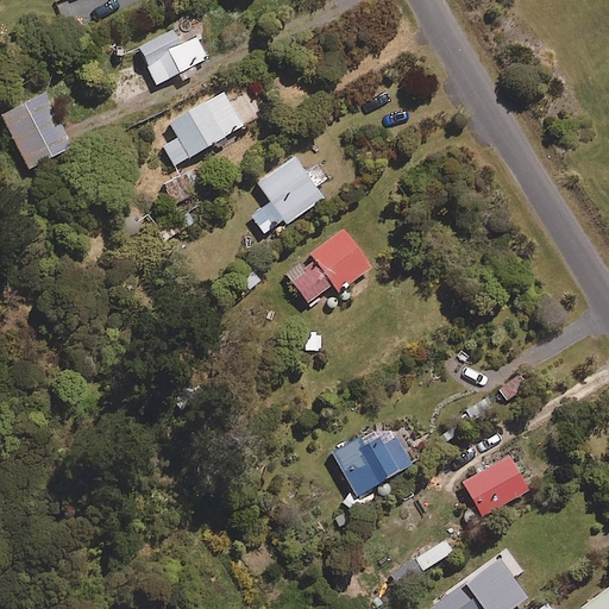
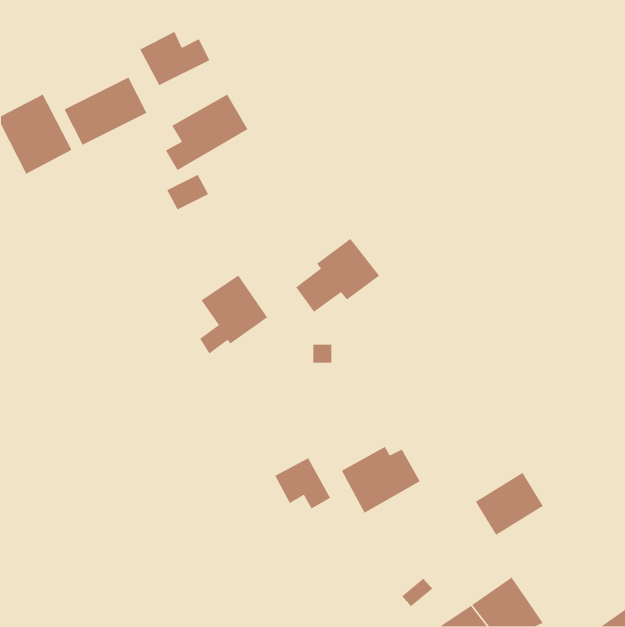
building: none -> [64,76,148,146]
building: [256,156,322,233] -> [199,274,268,354]
building: none -> [274,457,331,509]

